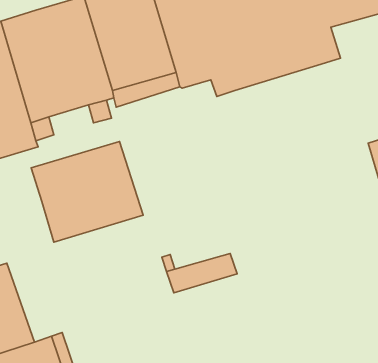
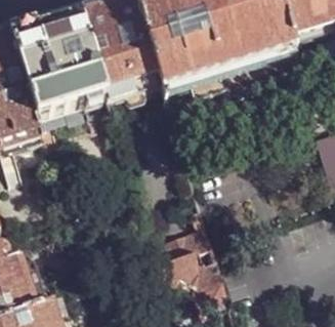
building: [31,141,143,242] -> none
building: none -> [155,243,225,310]

